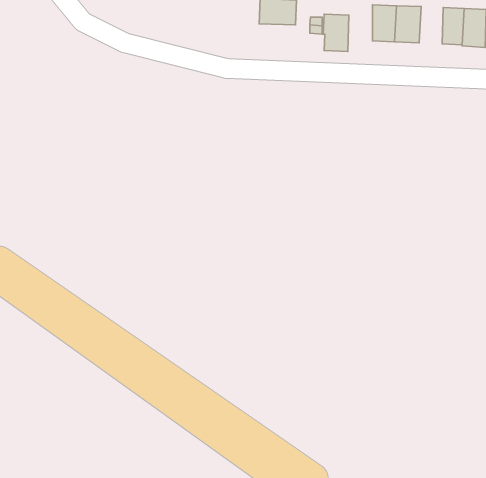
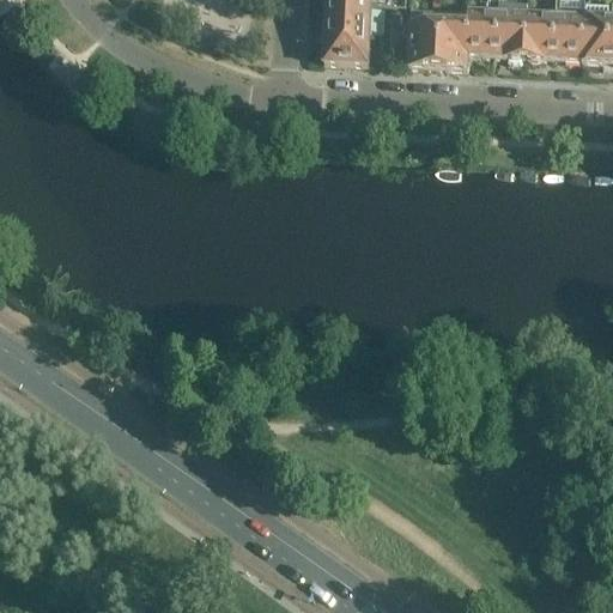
building: none -> [527,8,557,55]
building: none -> [437,19,468,66]
building: none -> [324,30,371,61]

